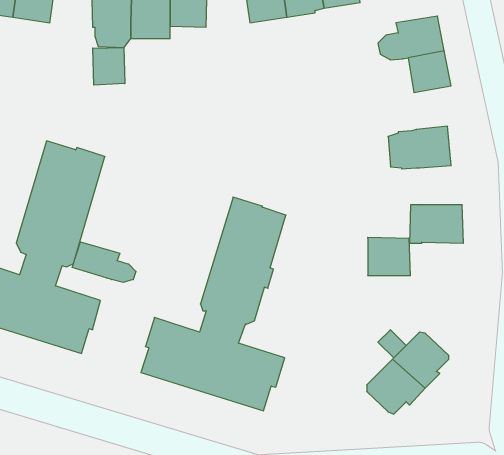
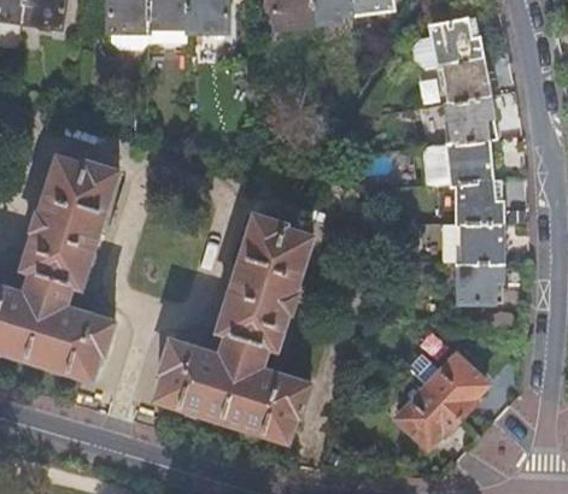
building: [93,48,125,85] -> none
building: none -> [444,94,497,141]
building: none -> [455,178,500,222]
building: [368,237,410,276] -> [457,261,503,302]
building: [72,242,136,282] -> none

